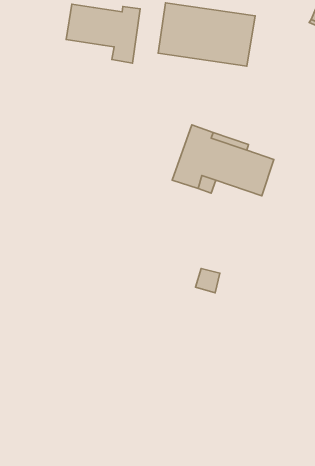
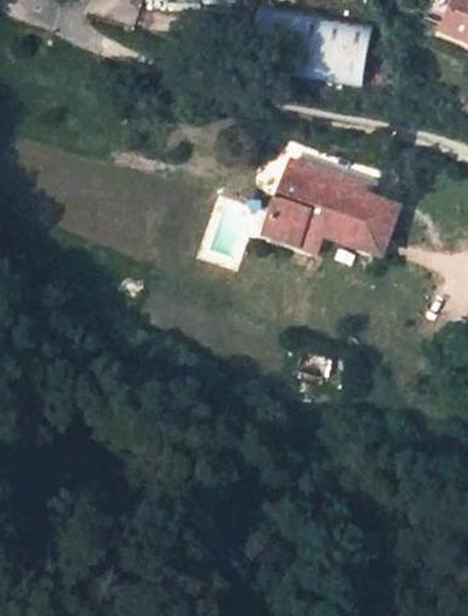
building: [66,4,140,63] -> none

